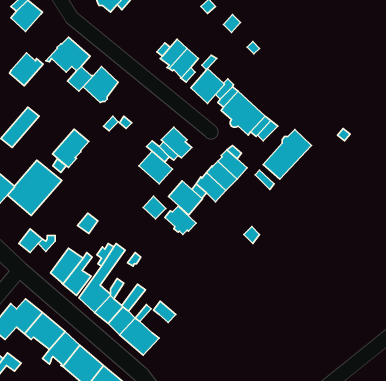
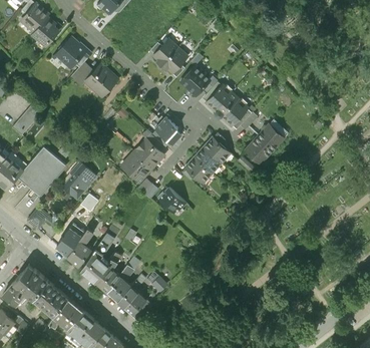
building: [9,53,43,86] -> [31,17,61,46]
building: [53,129,89,168] -> [62,164,94,199]
building: [168,181,202,215] -> [121,151,151,182]

